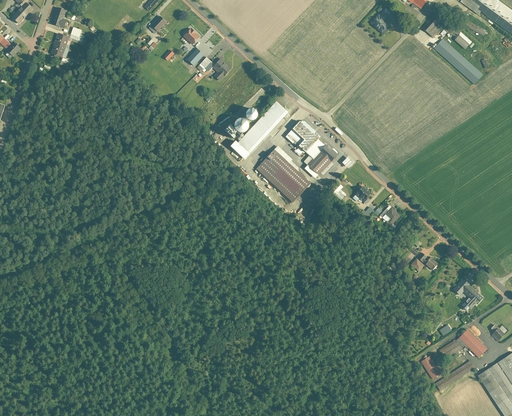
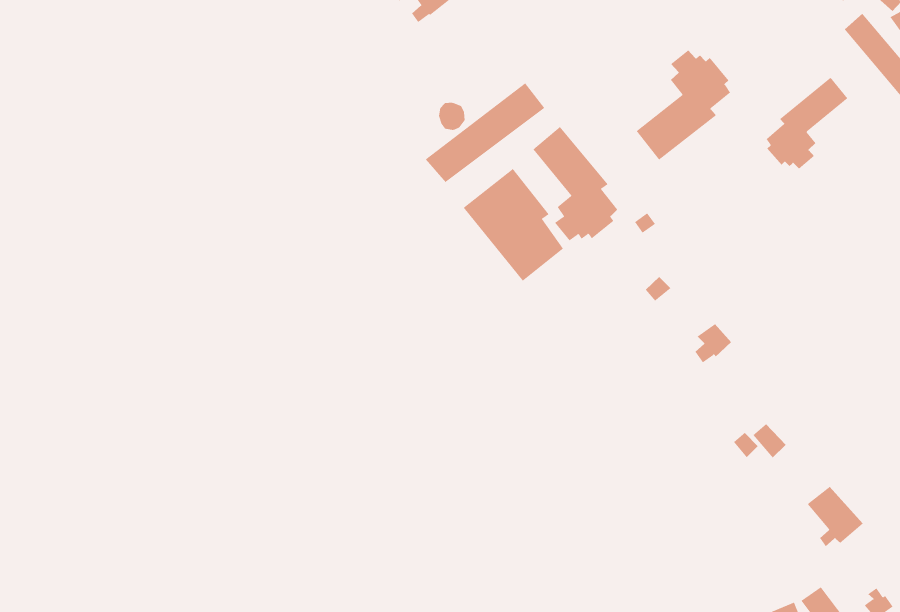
building: none -> [636,49,731,160]
building: none -> [766,77,848,170]

